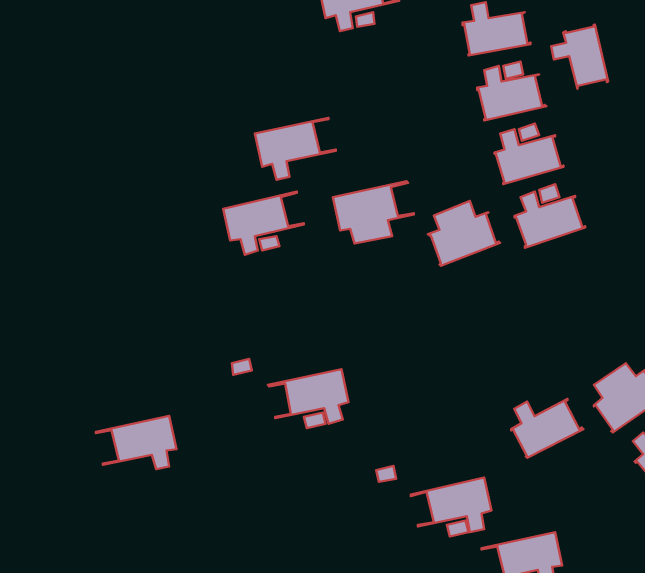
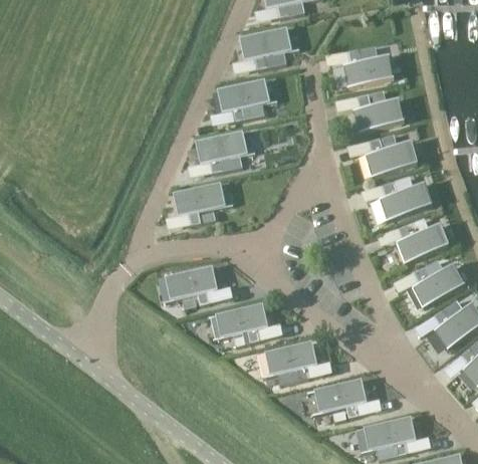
building: [551,25,608,89] -> none
building: [333,181,414,243] -> [221,76,277,120]
building: [428,201,500,266] -> [396,217,446,262]
building: [511,399,583,458] -> [413,264,463,305]
building: [96,416,177,469] -> [158,266,214,303]
building: none -> [258,341,314,379]

